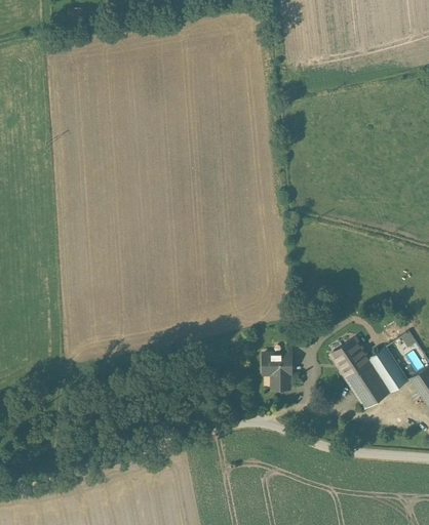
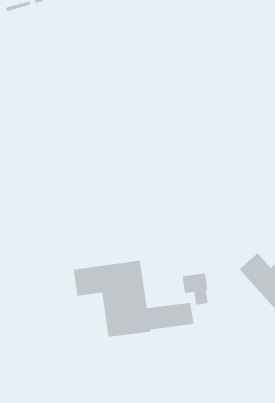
building: none -> [73,260,194,338]

